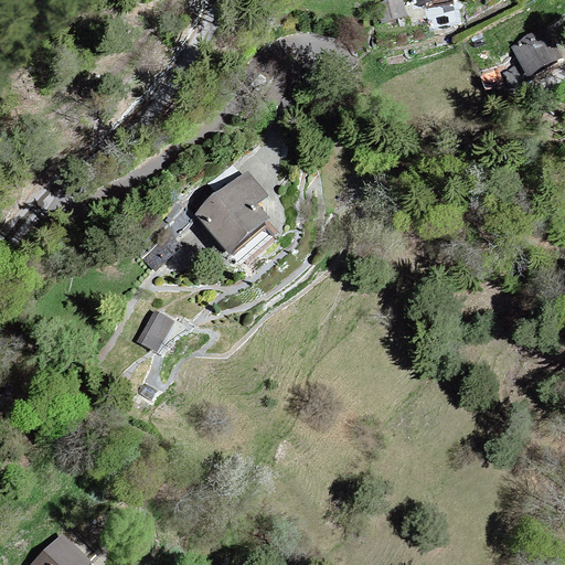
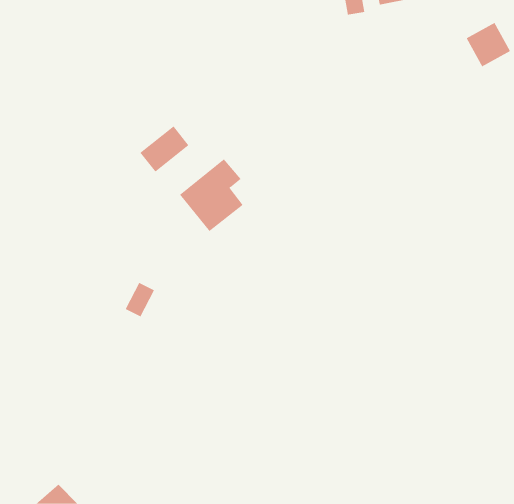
building: none -> [140,126,189,173]

